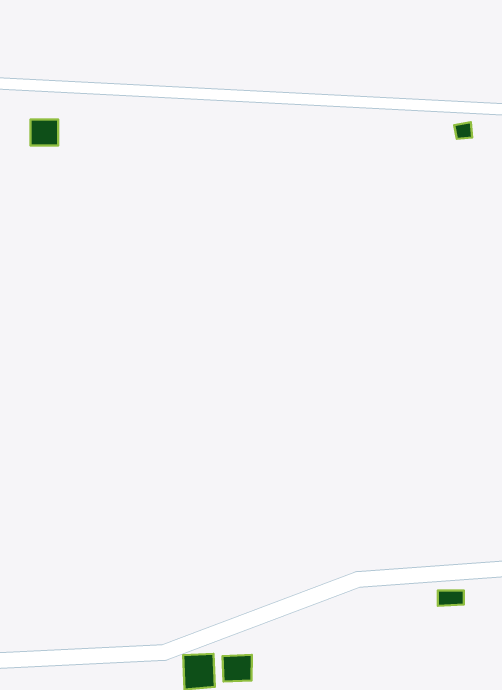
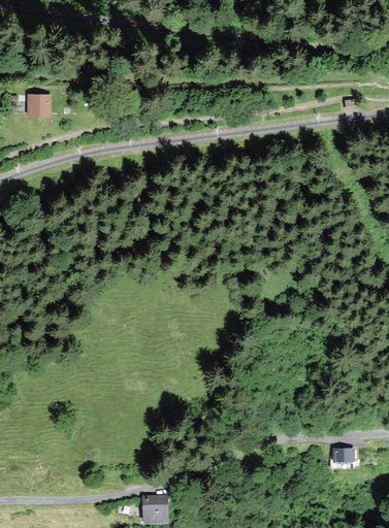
building: [222,655,252,682] -> none

